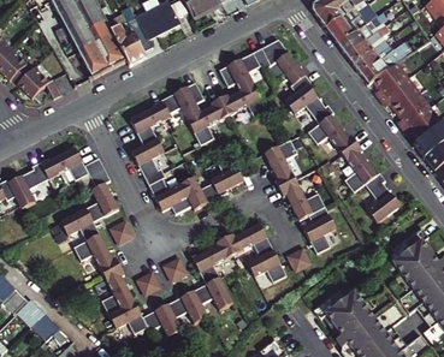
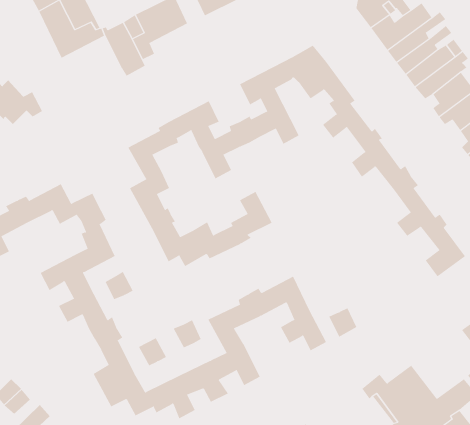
building: [77,31,125,76] -> none
building: [266,139,339,254] -> none

